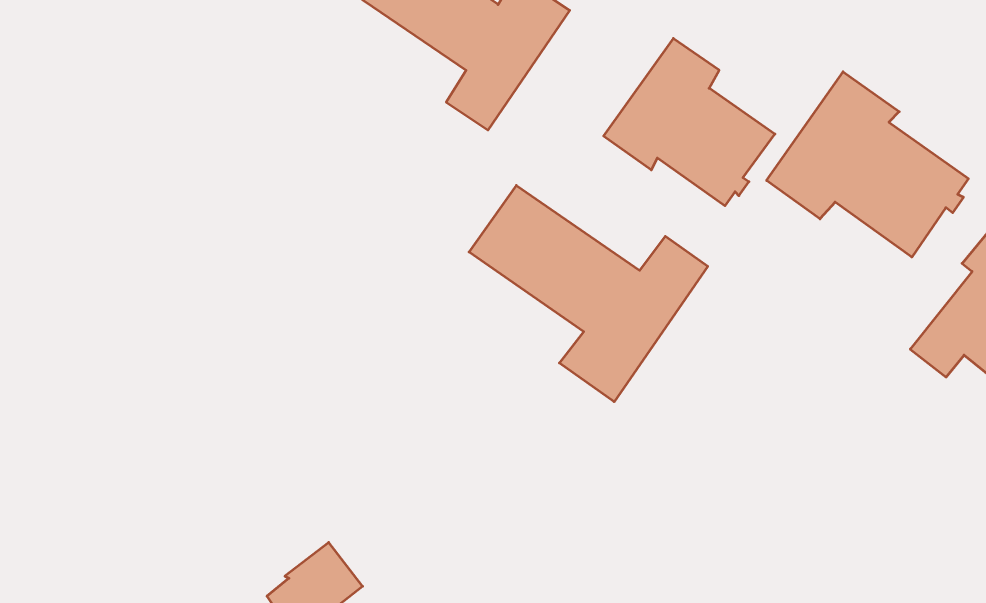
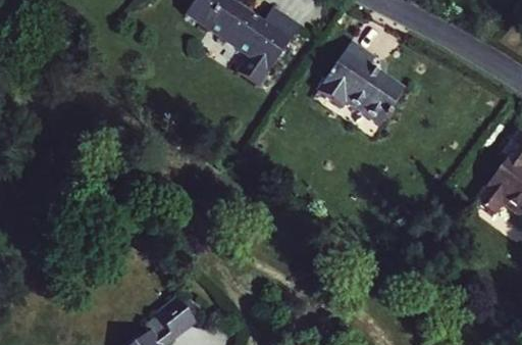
building: [767,72,968,257] -> none
building: [469,185,708,402] -> none

